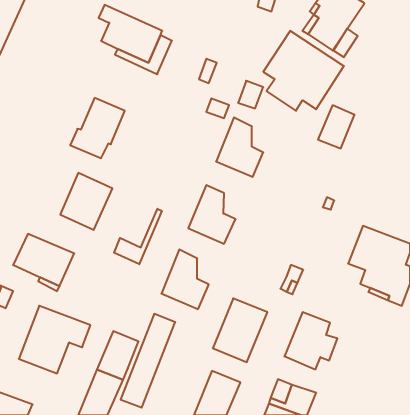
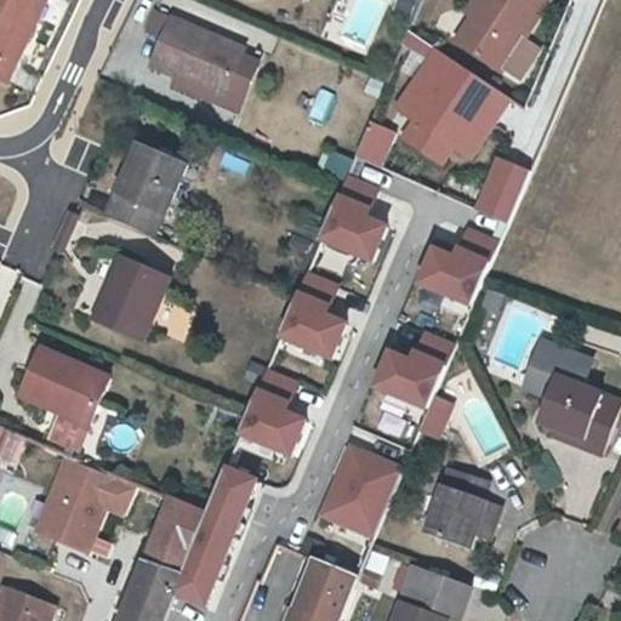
building: none -> [415,228,498,302]
building: [114,209,162,264] -> none
building: none -> [369,335,452,409]

